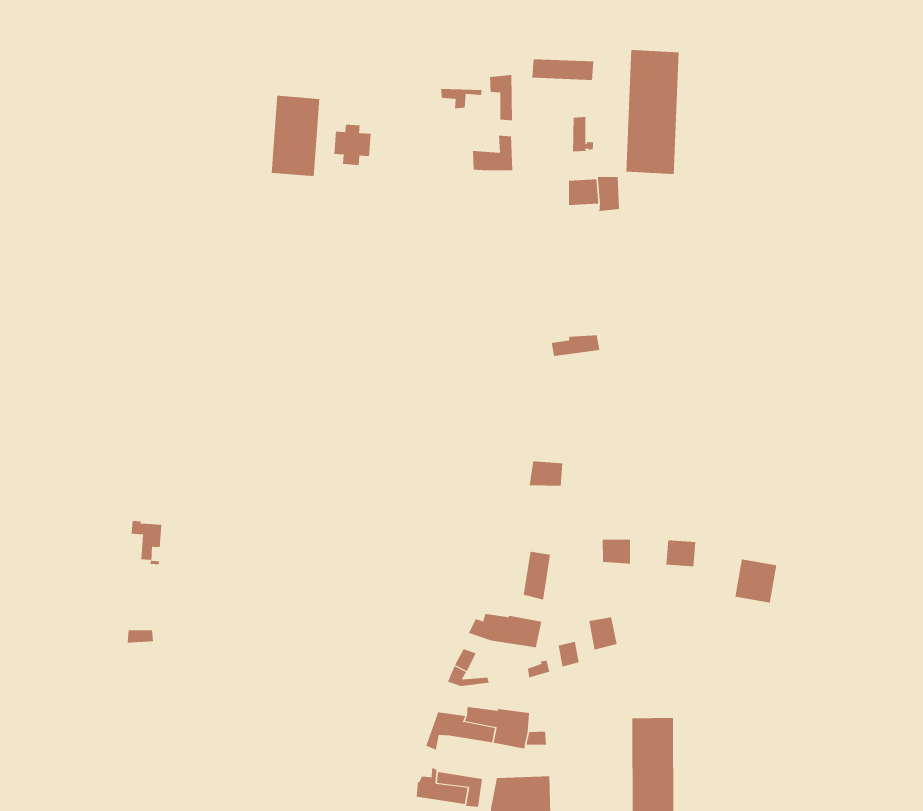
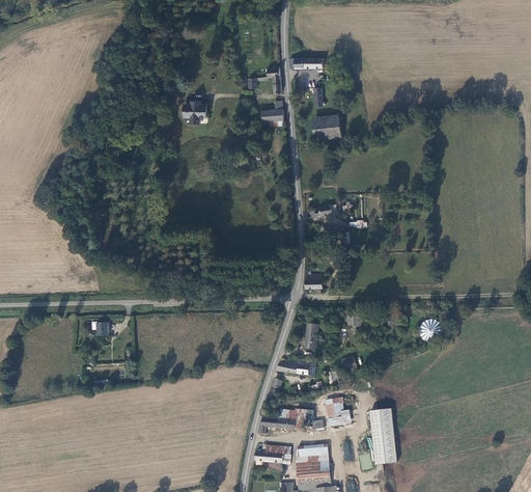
building: [626,49,679,175] -> none
building: [271,95,320,177] -> none
building: none -> [326,397,351,426]

